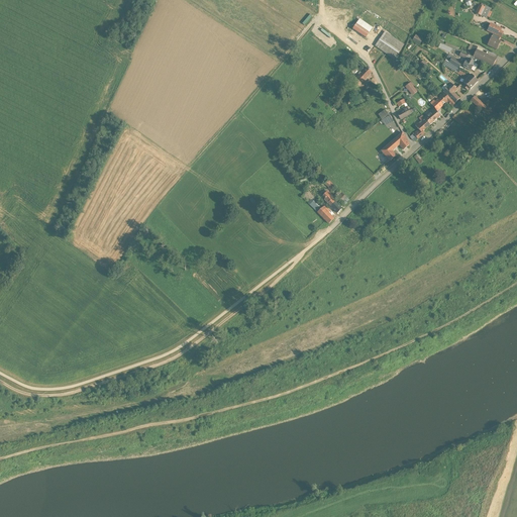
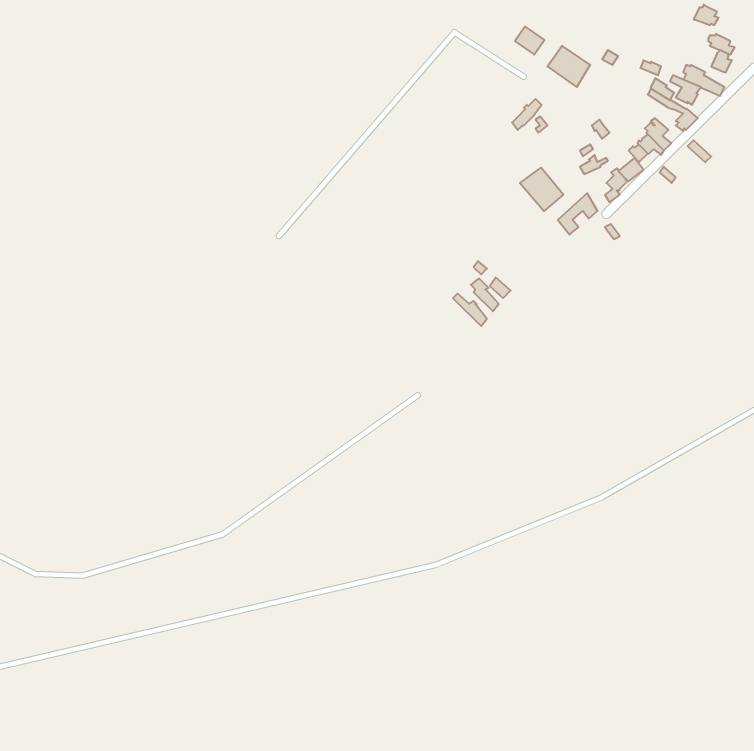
building: none -> [520,168,563,211]

